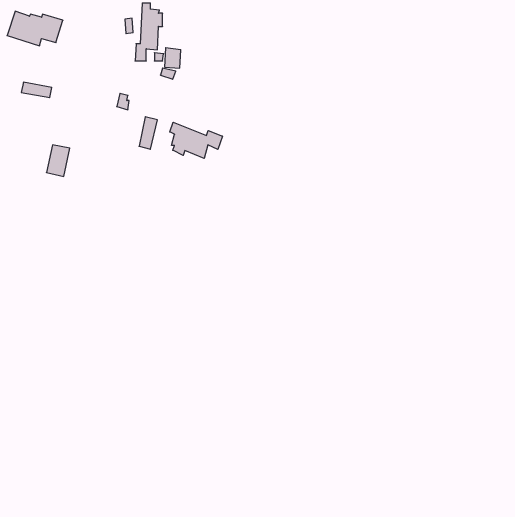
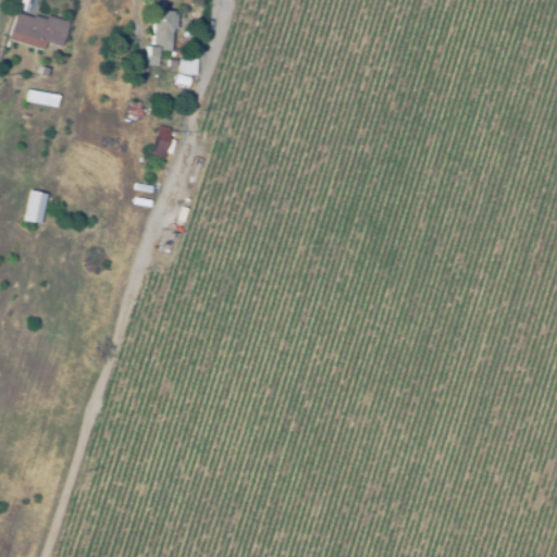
building: [170,122,222,158] -> none
building: [46,145,70,176] -> [25,190,50,224]

